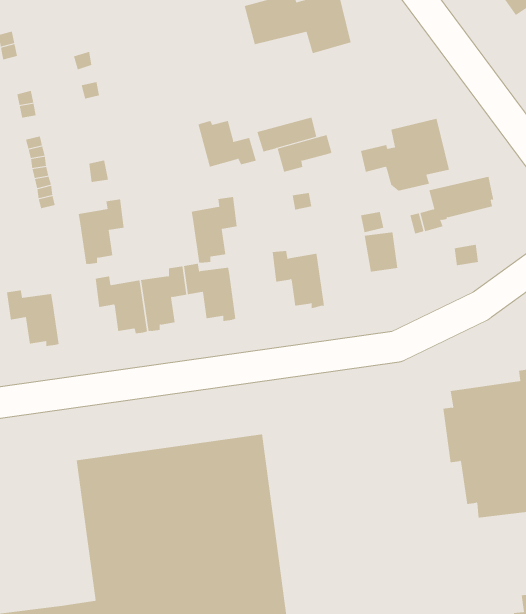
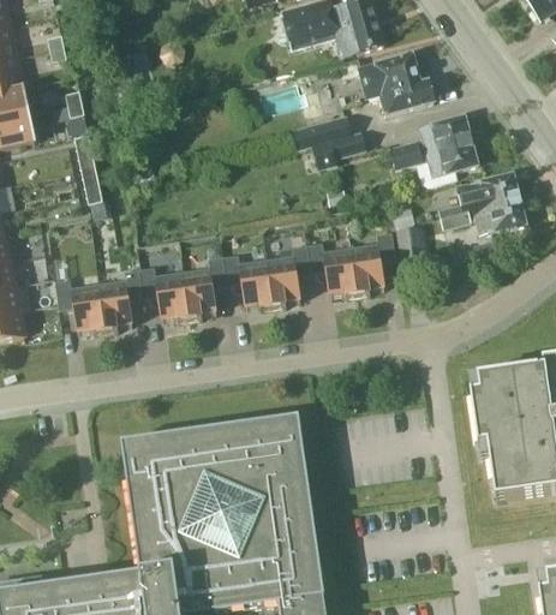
building: none -> [359,53,434,114]
building: [198,120,257,167] -> none
building: [191,196,238,263] -> [267,244,311,308]
building: [78,199,125,264] -> [98,269,143,332]
building: none -> [474,199,526,234]
building: none -> [351,232,395,295]

